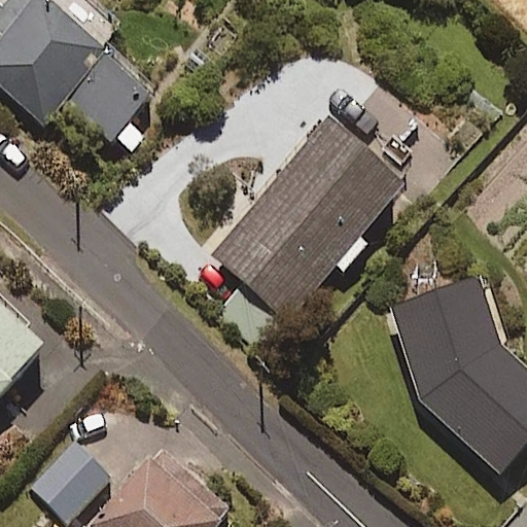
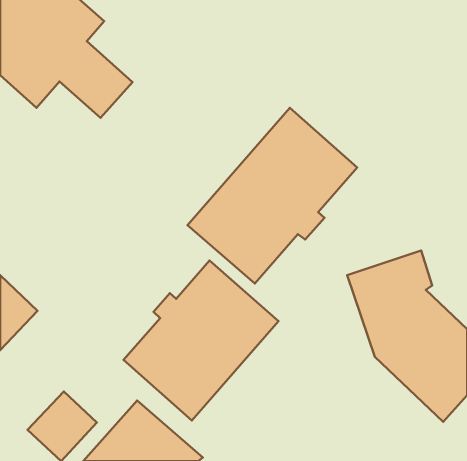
building: none -> [123,261,279,420]

